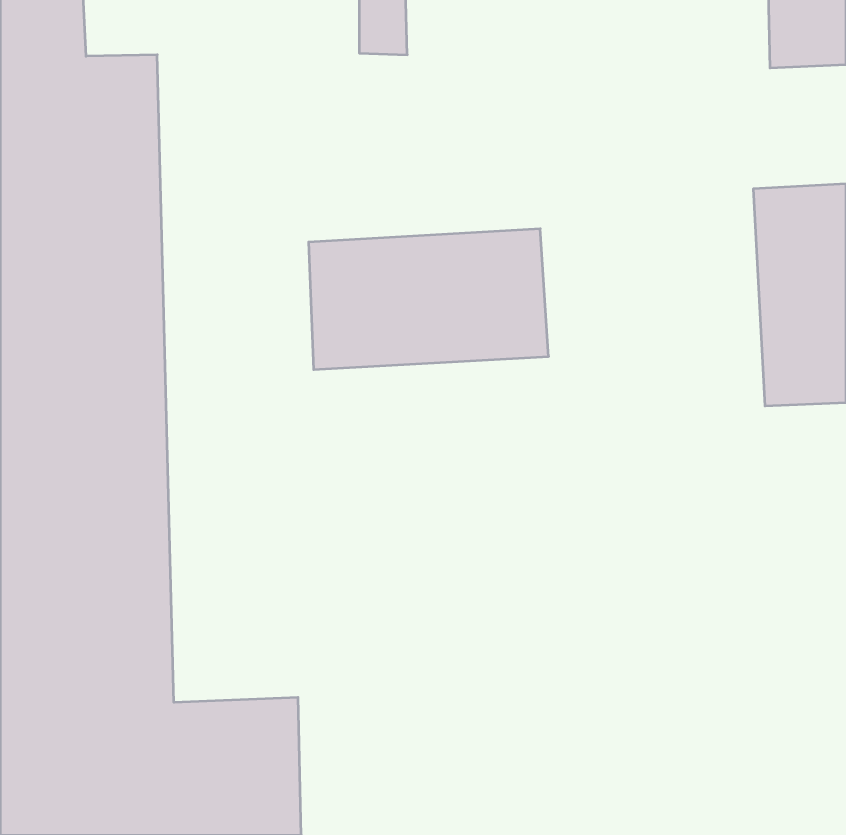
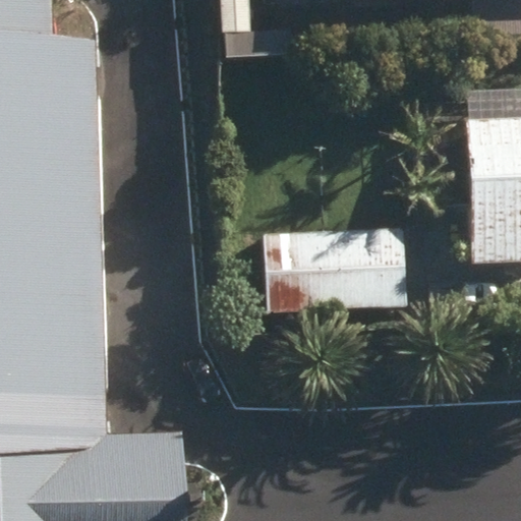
building: [309,229,549,370] -> [249,230,397,316]

